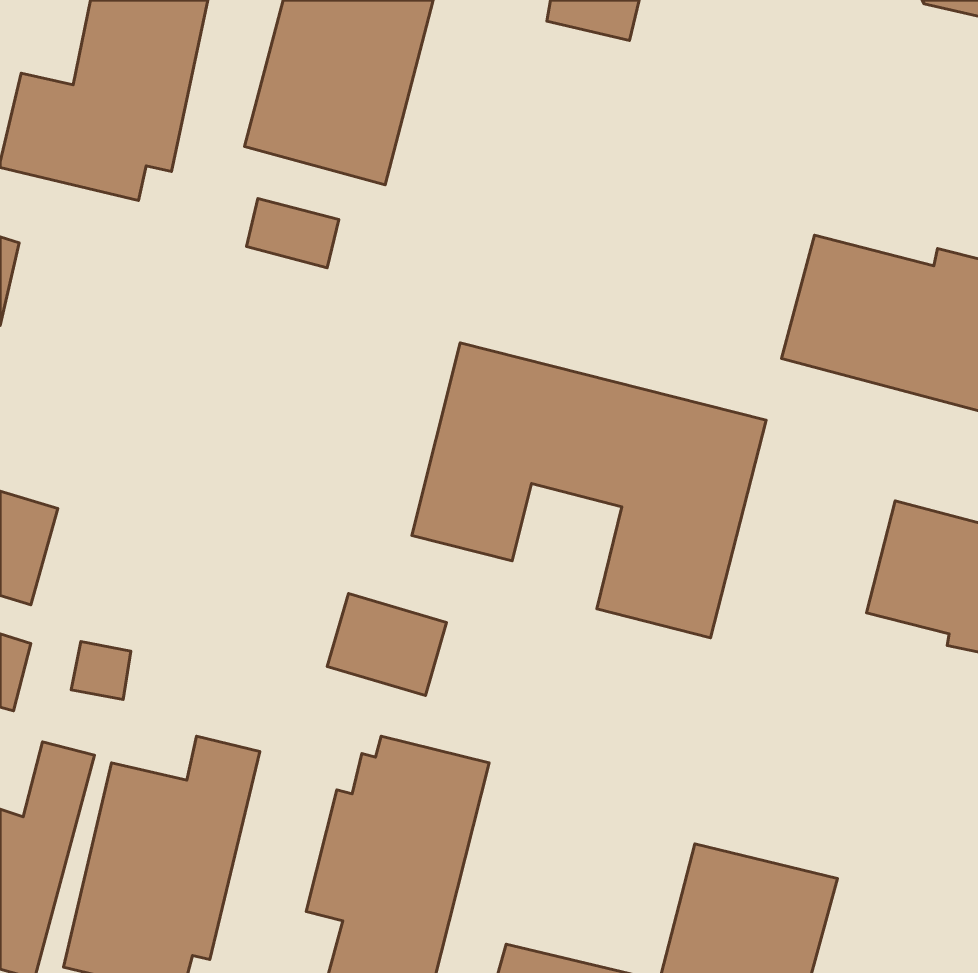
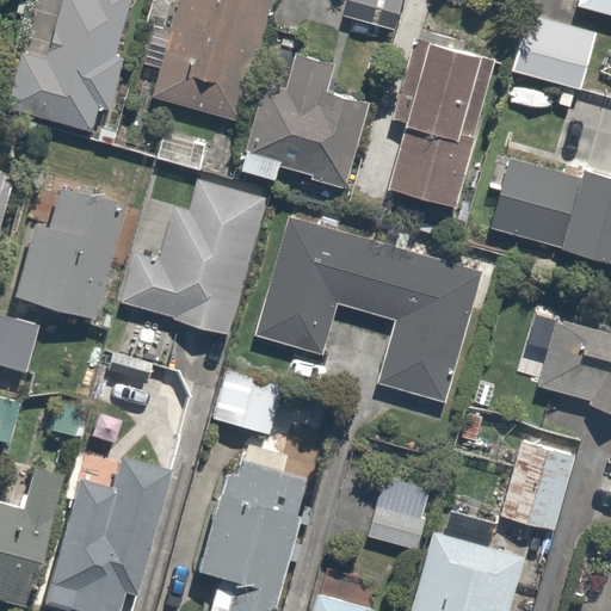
building: none -> [517,17,598,85]
building: none -> [389,32,493,203]
building: none -> [240,47,372,183]
building: none -> [121,180,266,335]
building: none -> [12,187,119,320]
building: none -> [504,439,578,530]
building: none -> [372,473,431,545]

